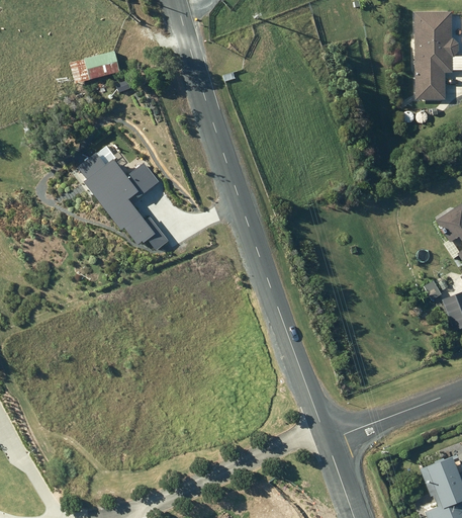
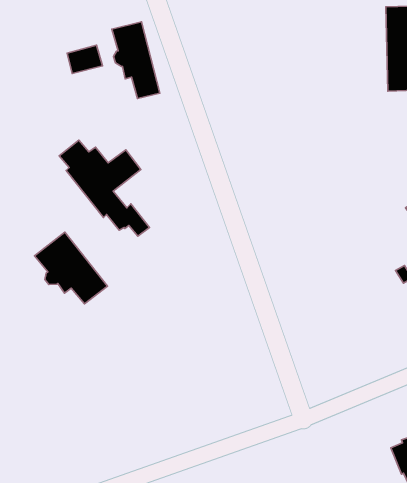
building: none -> [112,22,160,99]
building: none -> [34,232,107,304]

